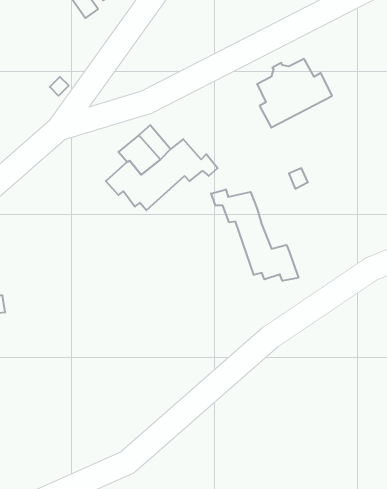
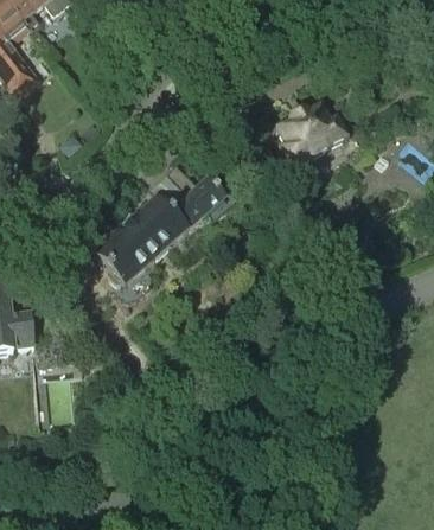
building: none -> [92,217,172,287]
building: [211,189,298,281] -> none

